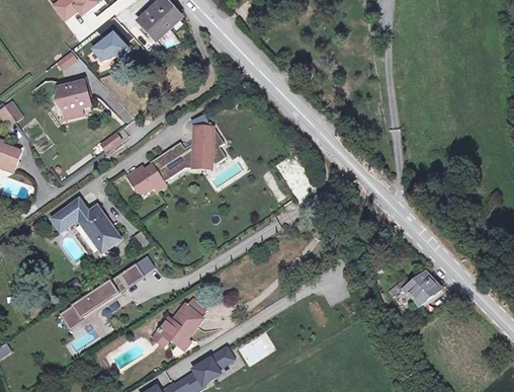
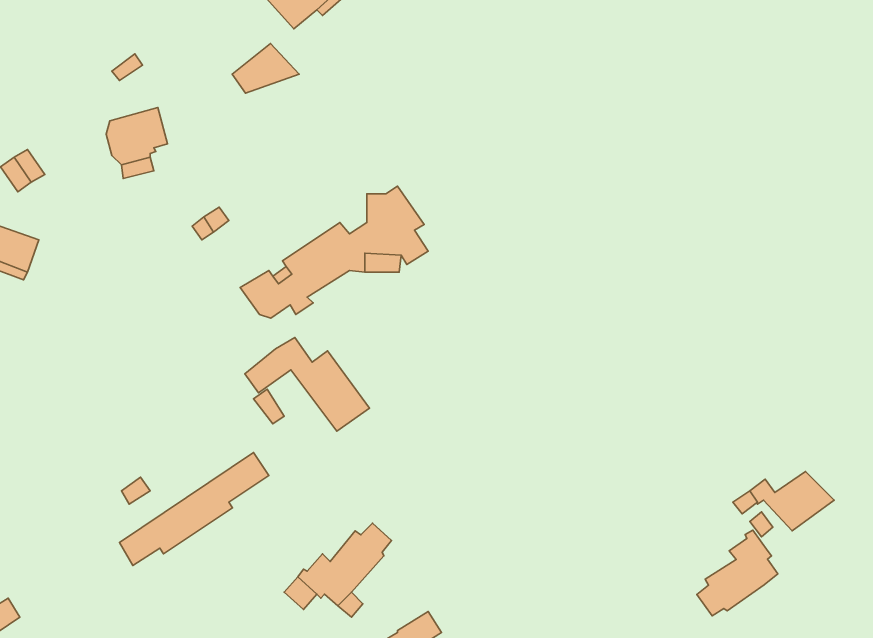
building: [94,33,130,60] -> [232,43,299,93]
building: [54,201,119,250] -> [245,337,370,431]
building: none -> [697,530,778,616]

